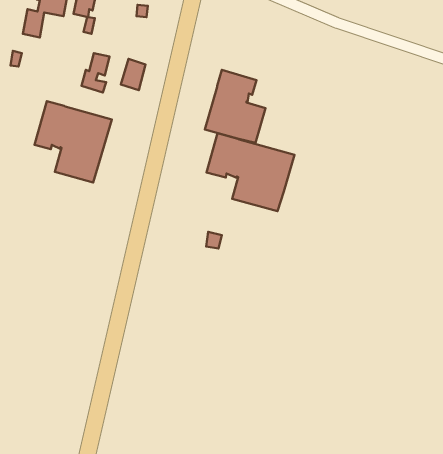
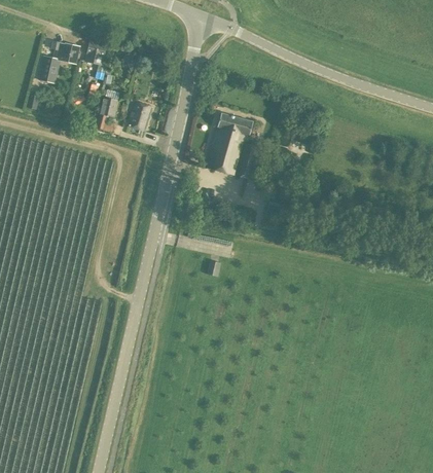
building: [35,101,112,182] -> none
building: [207,133,294,211] -> none

